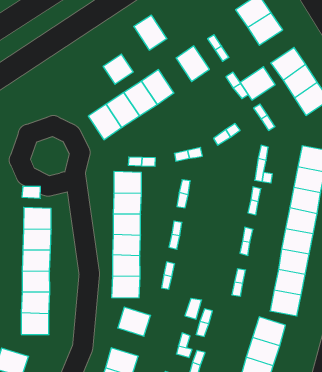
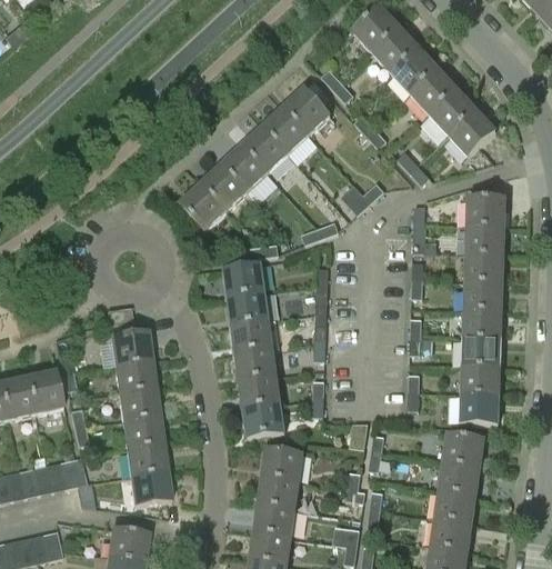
building: [134,15,167,50] -> [262,108,309,154]
building: [103,54,133,84] -> none
building: [240,67,275,100] -> [391,48,438,94]
building: none -> [258,478,299,511]

